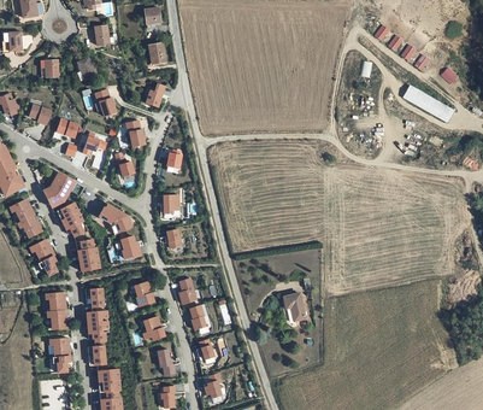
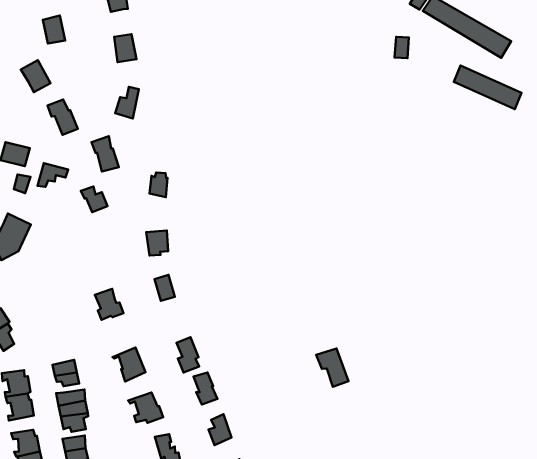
building: [58,203,84,236] -> none
building: [98,204,132,234] -> none
building: [76,239,101,271] -> none

